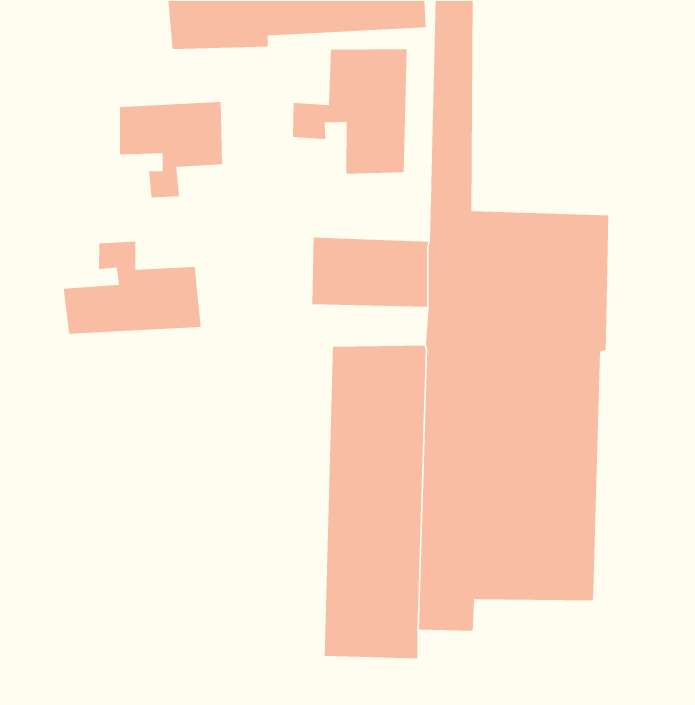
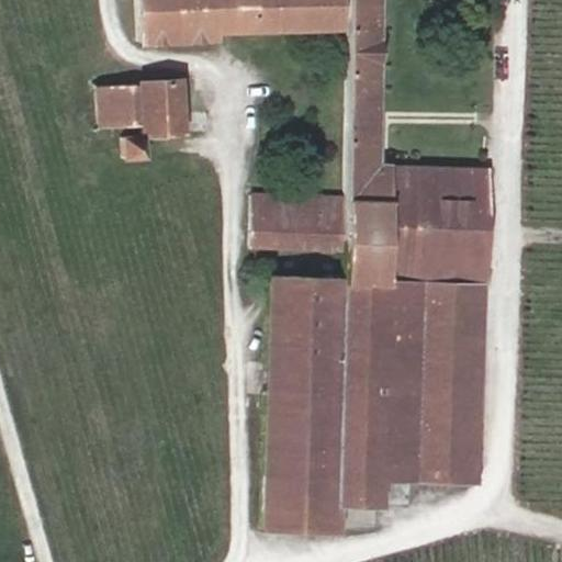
building: [292,48,408,175] -> none
building: [63,241,201,335] -> none

